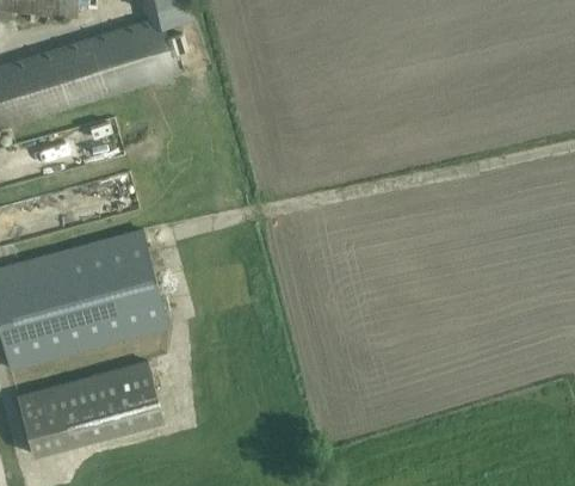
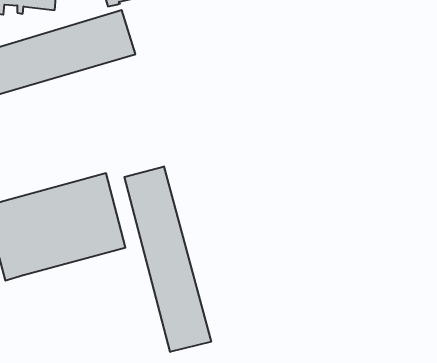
building: none -> [124,166,211,352]
building: [17,362,162,455] -> none

